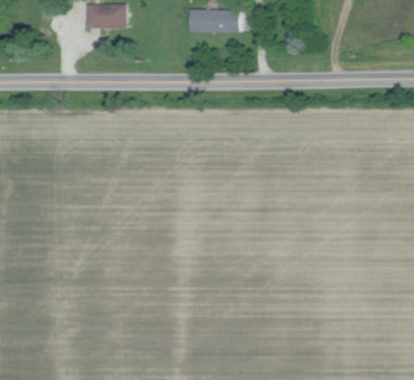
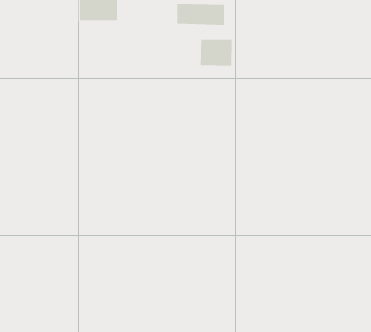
building: none -> [200,39,232,67]

